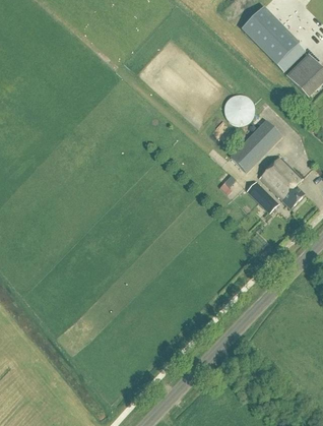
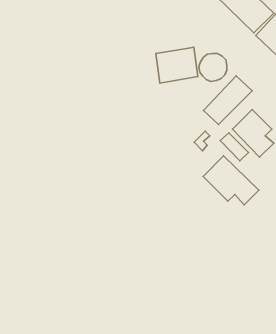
building: none -> [156,47,198,83]
building: none -> [203,156,259,205]

